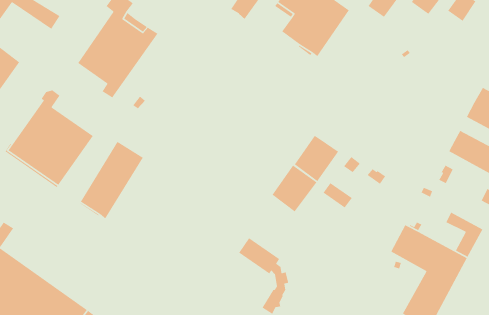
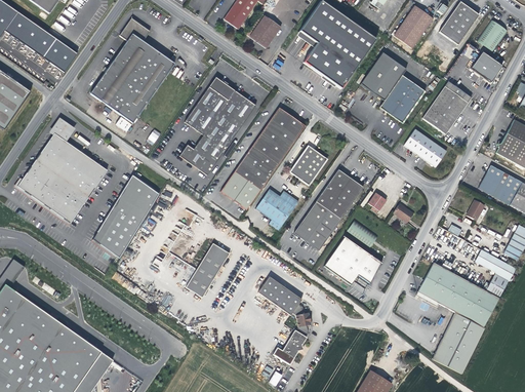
building: none -> [473,50,503,81]
building: none -> [361,52,426,123]
building: none -> [180,76,256,174]
building: none -> [422,81,472,134]
building: none -> [221,107,306,208]
building: none -> [404,128,446,166]
building: none -> [291,145,327,185]
building: none -> [254,189,297,227]
building: none -> [323,237,380,284]
building: none -> [187,243,230,297]

